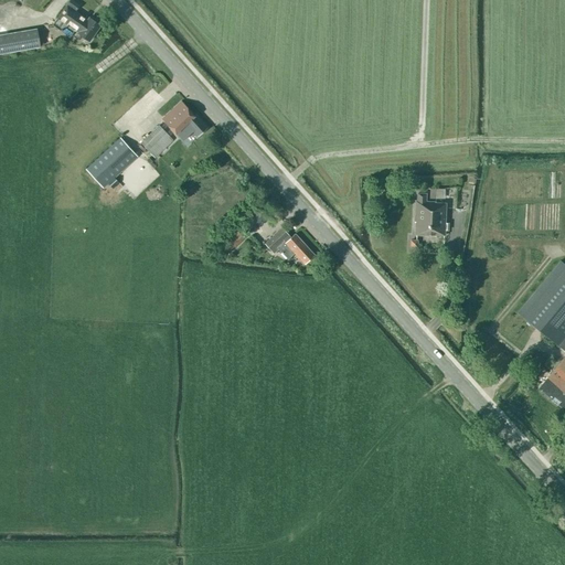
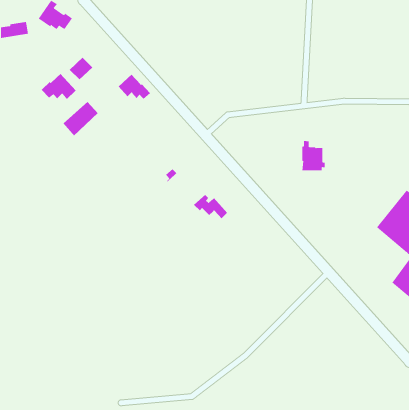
building: none -> [41,73,76,100]
building: [141,125,174,157] -> [69,57,93,80]
building: [267,230,315,264] -> [193,194,228,219]

